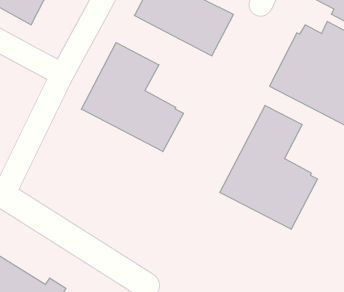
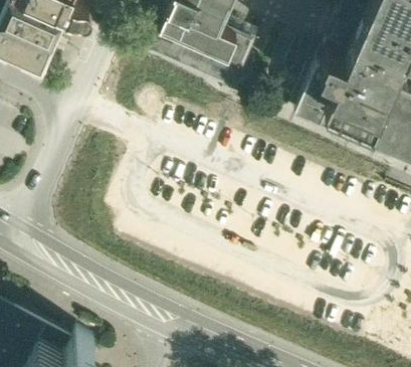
building: [81,43,183,152] -> none
building: [220,105,318,229] -> none

